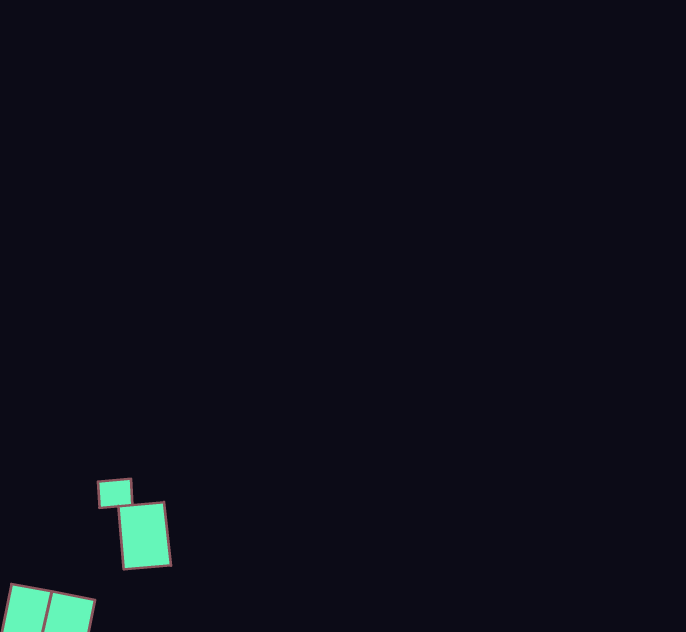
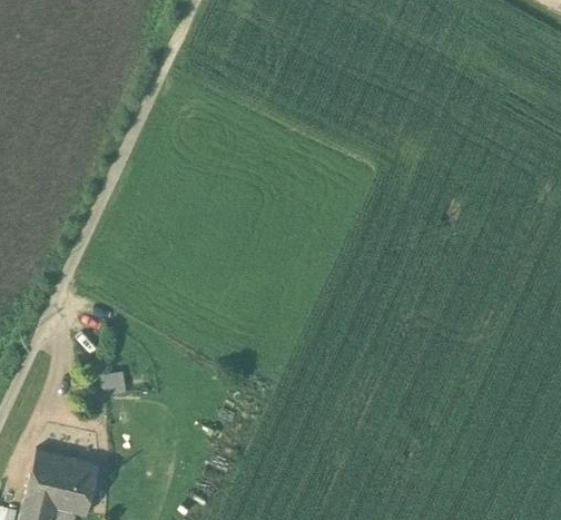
building: [118,502,171,569] -> none

